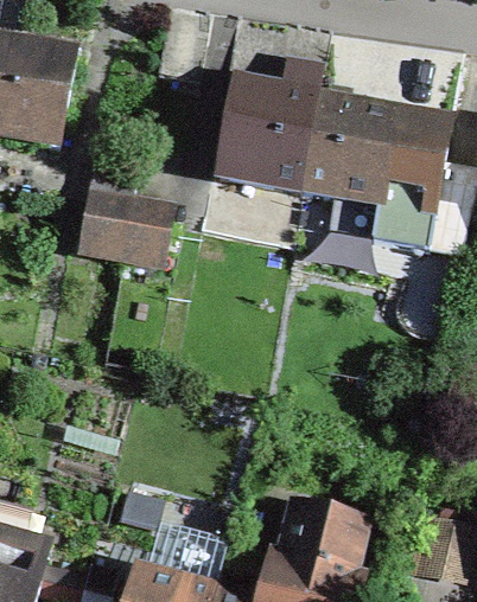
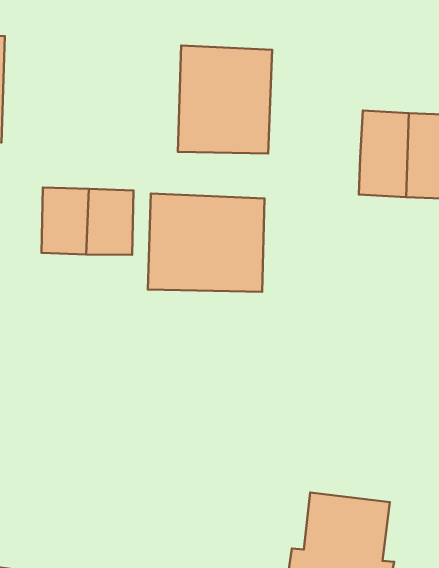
building: [300,94,401,203] -> none
building: none -> [148,194,265,292]

